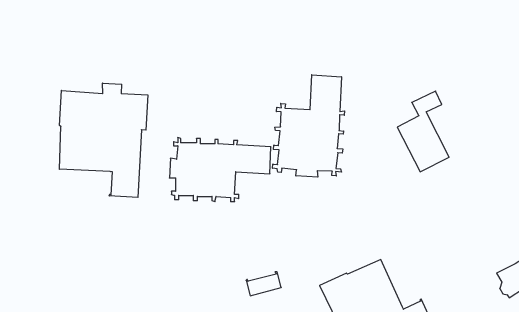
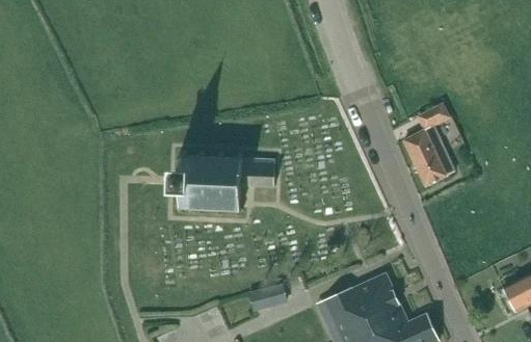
building: [273,75,345,177] -> none
building: [59,83,148,197] -> none

